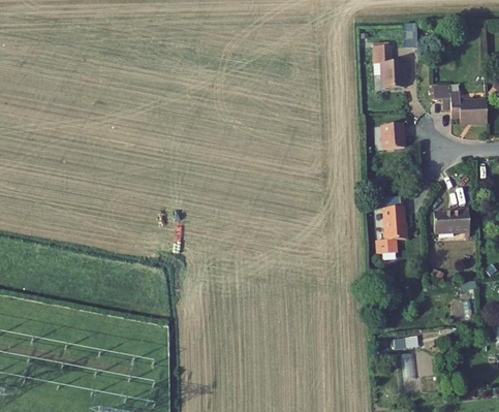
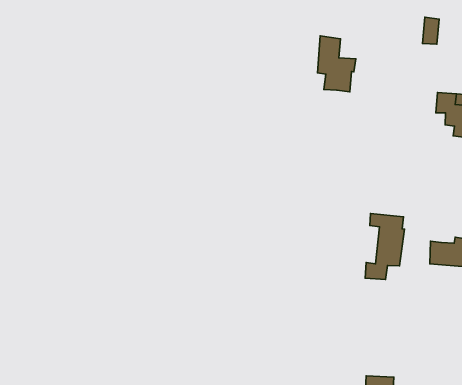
building: [372,46,405,92] -> [318,36,356,92]
building: [380,125,405,153] -> none

